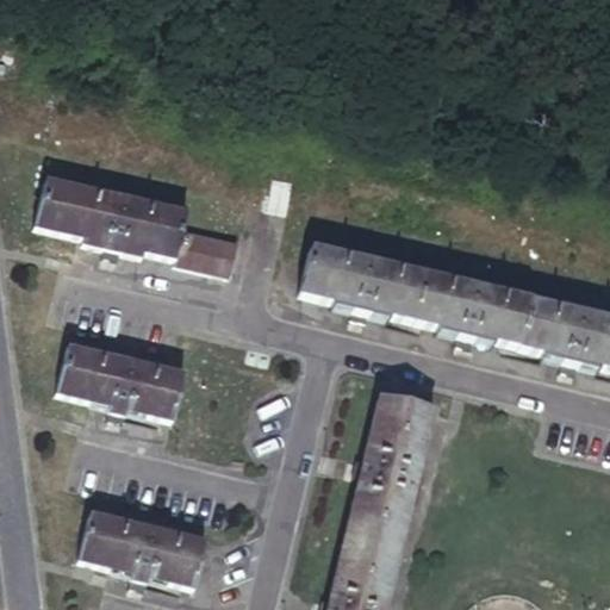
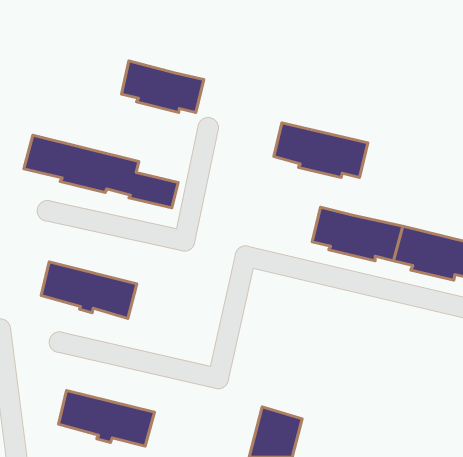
building: none -> [122,61,204,112]
building: [300,244,423,316] -> [274,123,368,178]
building: [347,392,432,547] -> none

